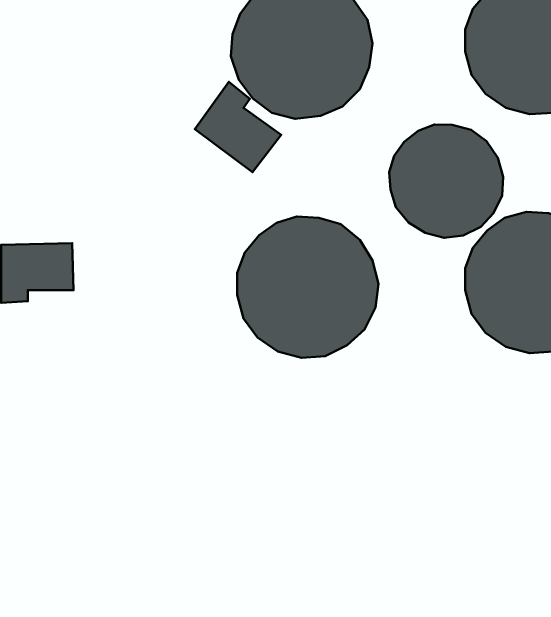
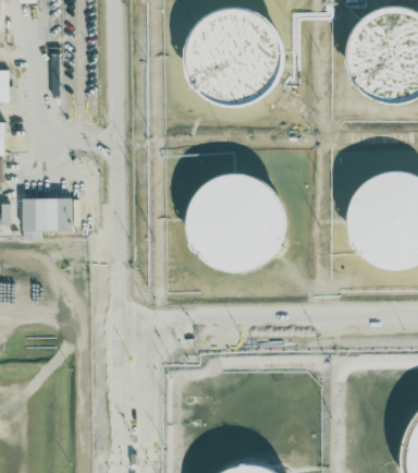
building: [195,82,281,172] -> none
building: [389,125,503,238] -> none

